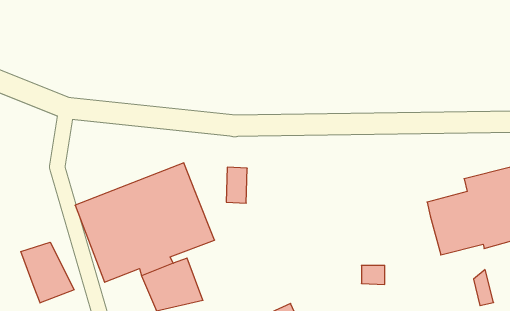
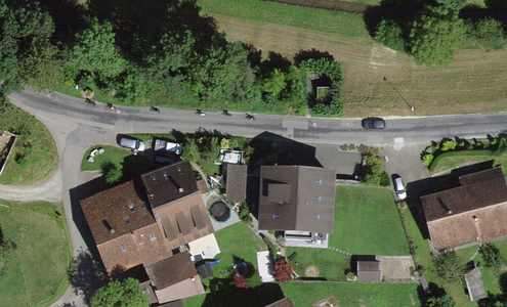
building: none -> [257,167,336,234]
building: [21,242,74,303] -> none

